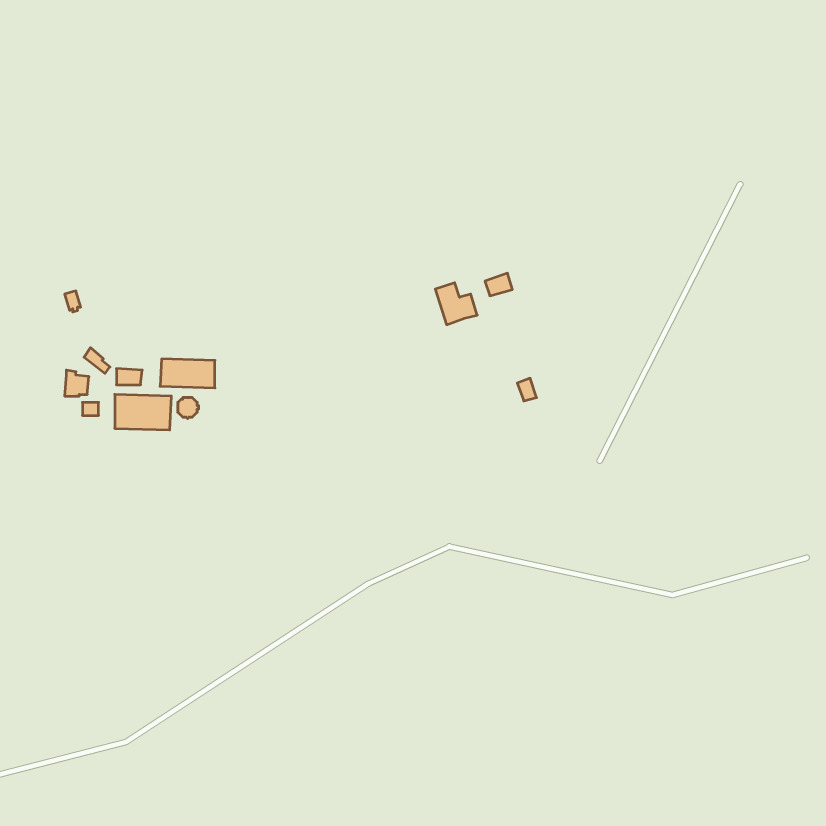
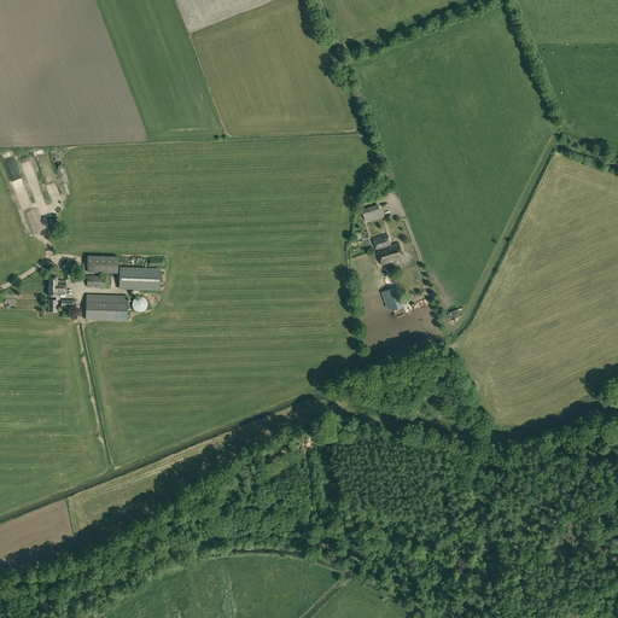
building: [435,283,477,325] -> [373,234,404,266]
building: none -> [87,255,118,273]

